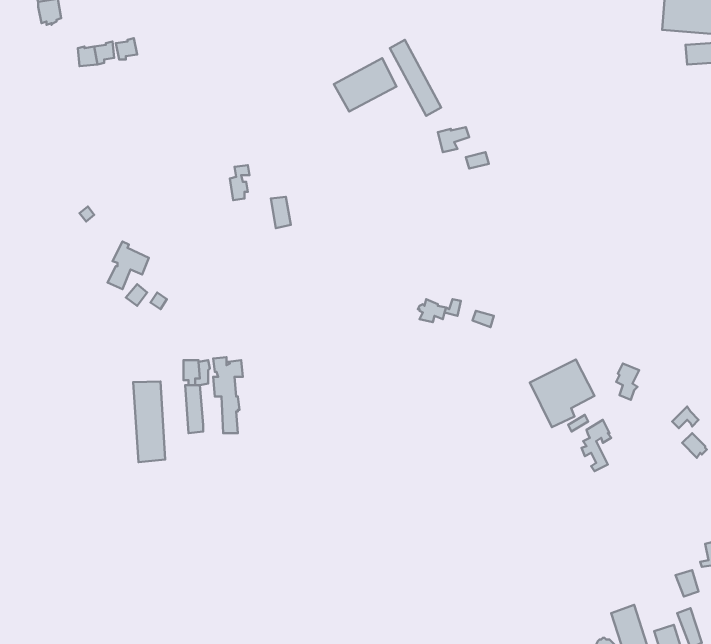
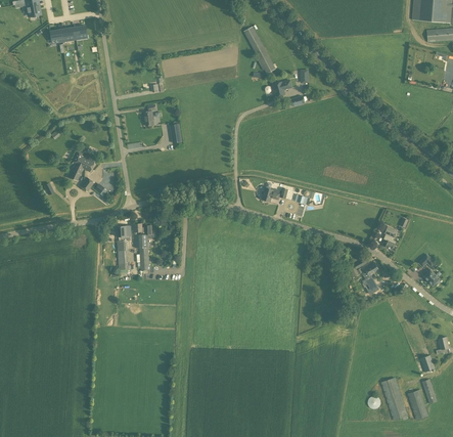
building: [334,58,397,111] -> none
building: [530,360,595,427] -> none
building: [133,381,165,462] -> none

